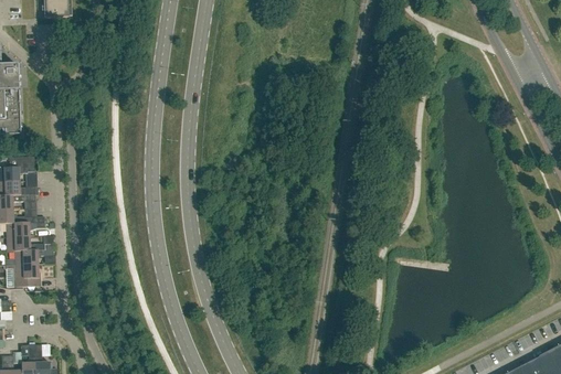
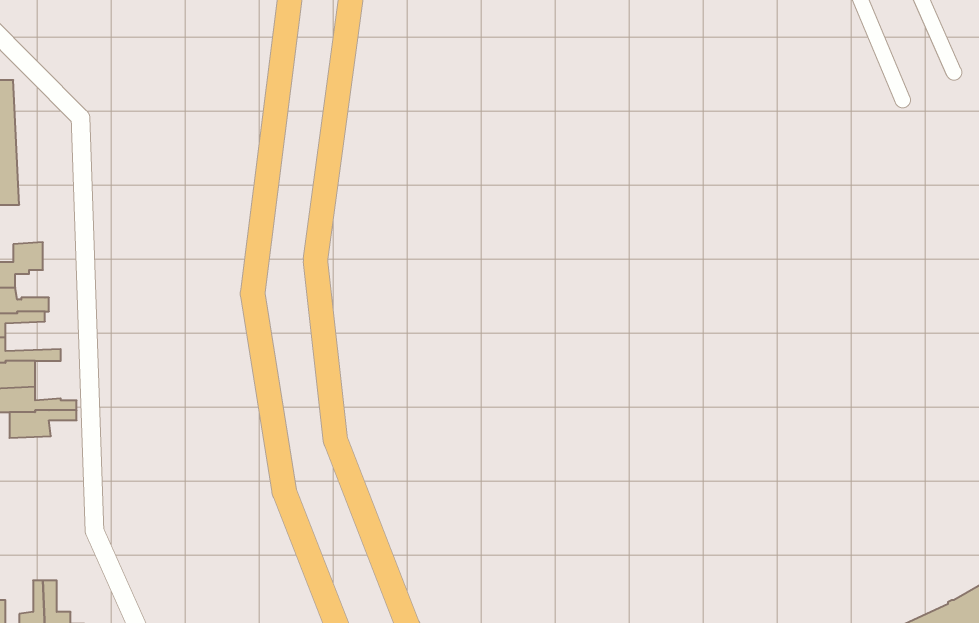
building: [14,264,38,286] -> none

